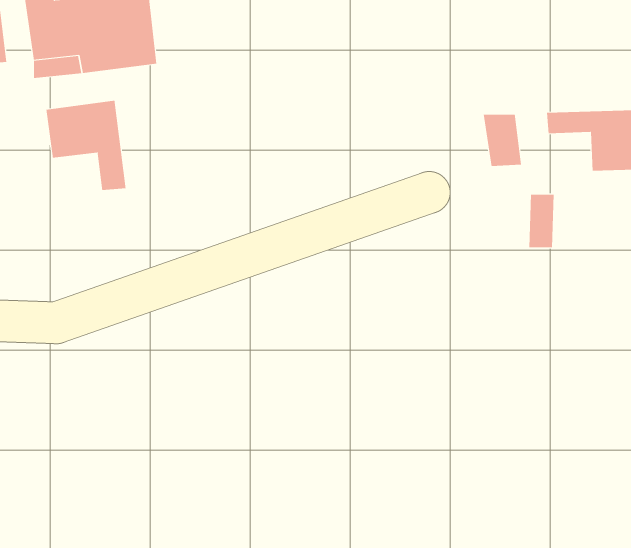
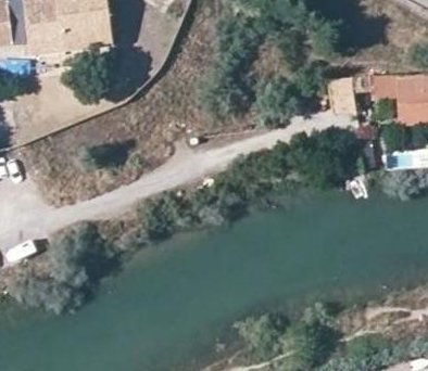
building: [46,100,126,191] -> none

